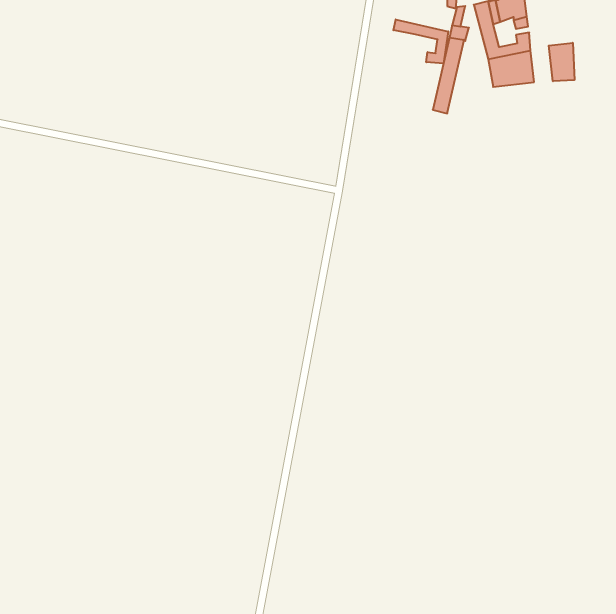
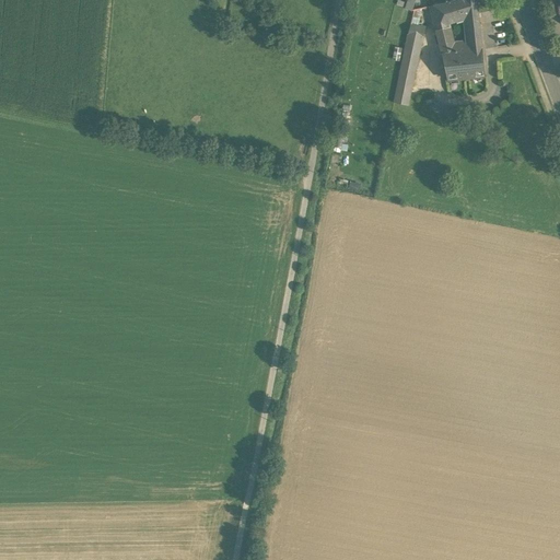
building: [393,19,448,63] -> none
building: [549,43,574,81] -> none

